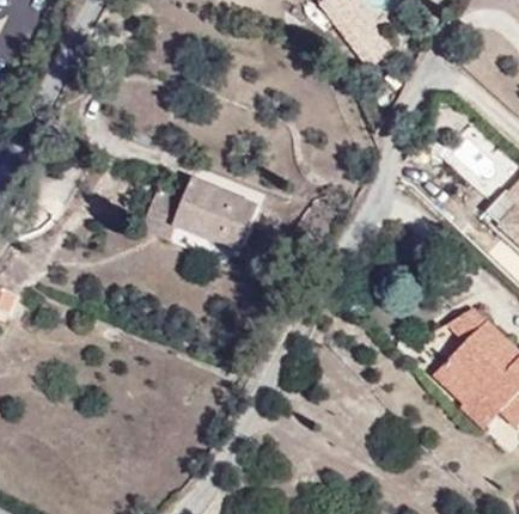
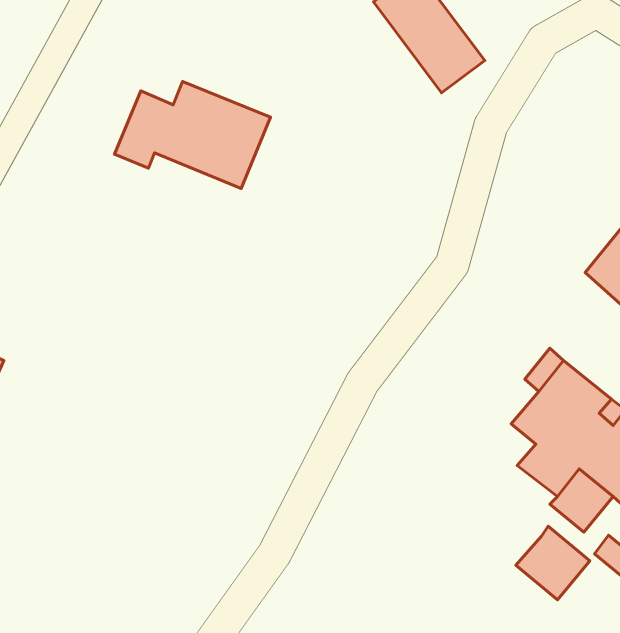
building: [141,178,262,261] -> [114,82,271,188]
building: none -> [516,526,590,600]

